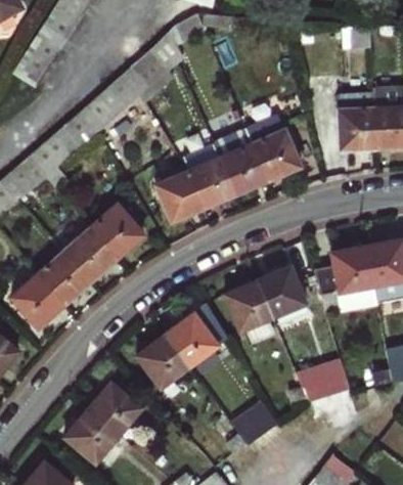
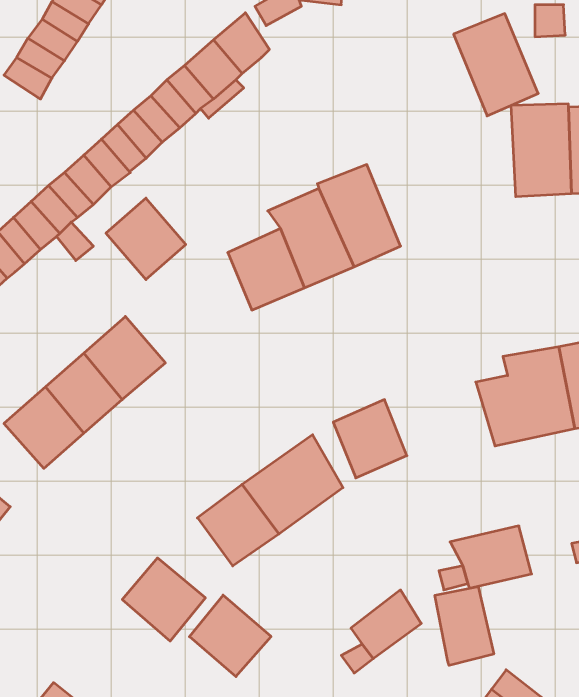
building: [244,118,299,183] -> [454,14,538,116]
building: [90,206,141,258] -> [106,198,186,280]
building: [256,268,303,317] -> none
building: none -> [435,587,494,665]
building: [66,409,119,461] -> [189,595,271,677]

